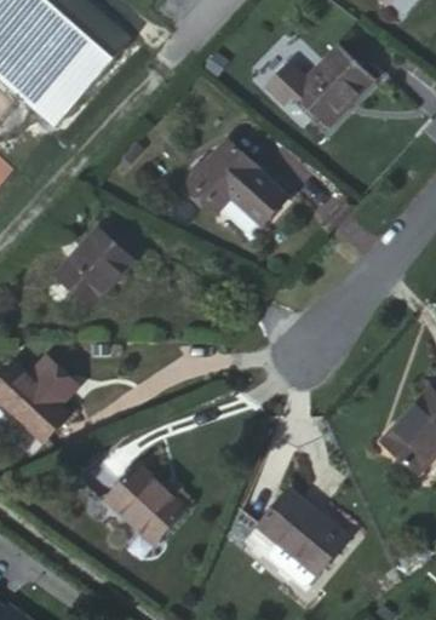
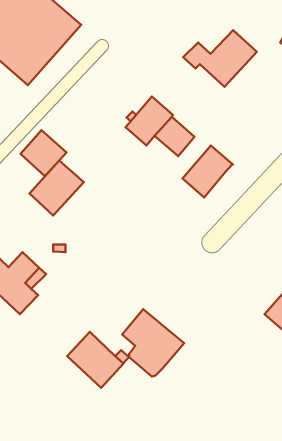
building: none -> [20,130,67,176]
building: none -> [182,145,233,197]
building: [260,489,346,582] -> [122,309,184,376]

